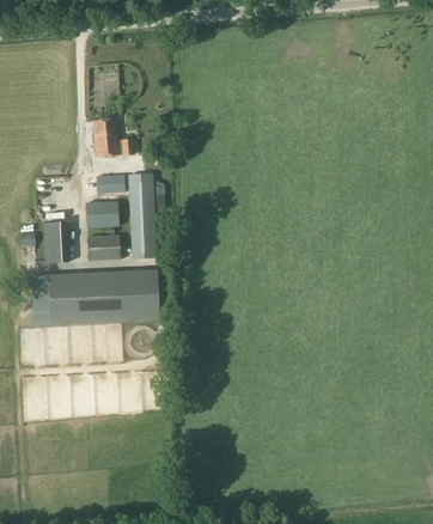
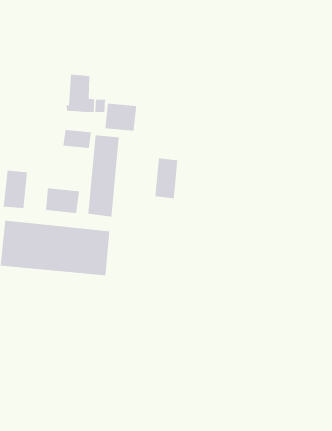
building: none -> [105,103,137,132]
building: none -> [155,158,178,199]
building: [86,202,120,226] -> none

